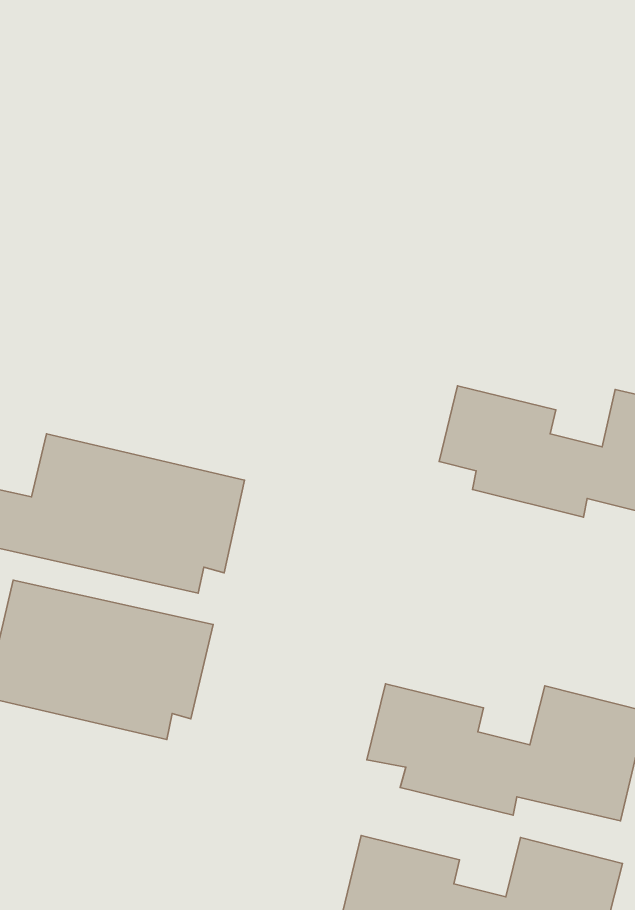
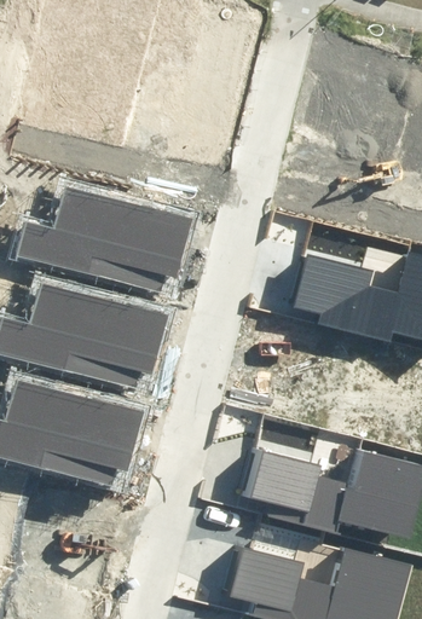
building: none -> [15,186,191,290]

